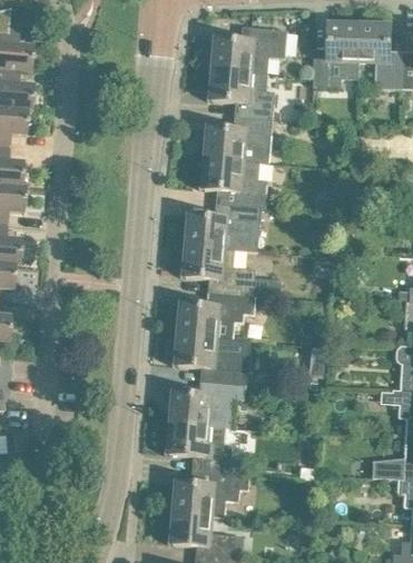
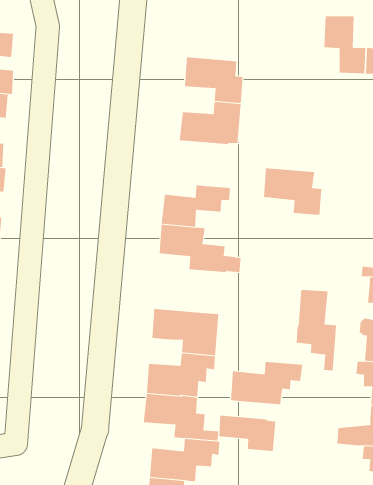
building: [312,23,358,86] -> none
building: [213,26,285,72] -> none
building: [203,156,265,206] -> [263,168,322,215]
building: [178,292,255,337] -> [230,361,303,405]
building: none -> [296,289,337,373]
building: none -> [219,415,276,452]

